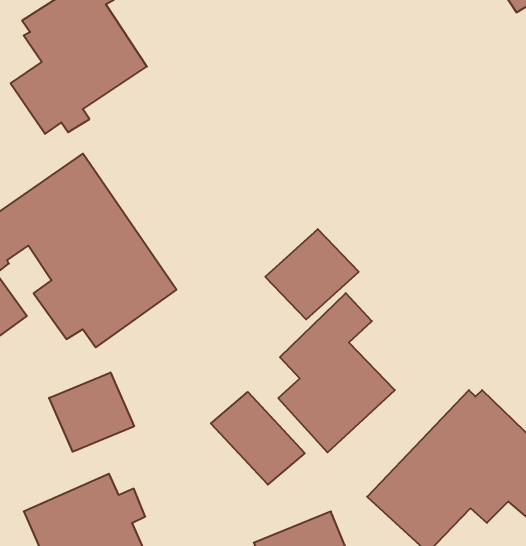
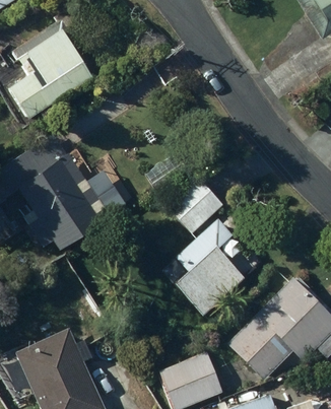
building: [49,372,134,452] -> none
building: [211,392,305,485] -> none

